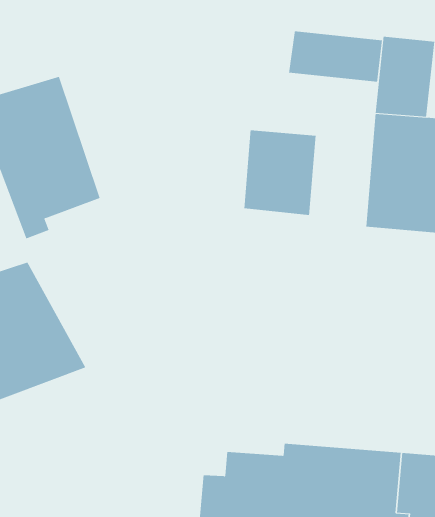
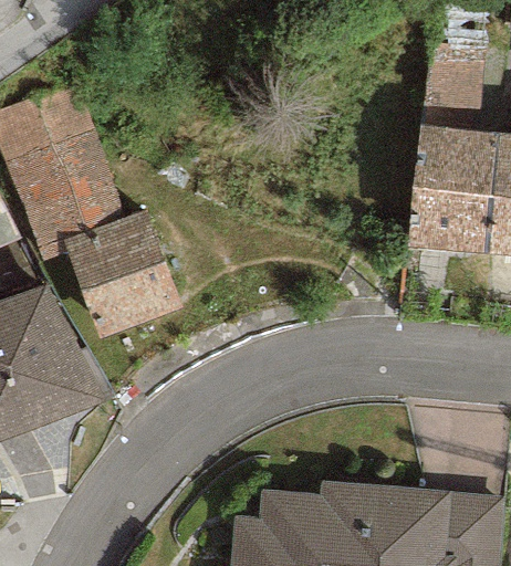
building: [288,30,383,83] -> none
building: [244,129,316,216] -> none
building: none -> [64,210,181,339]

